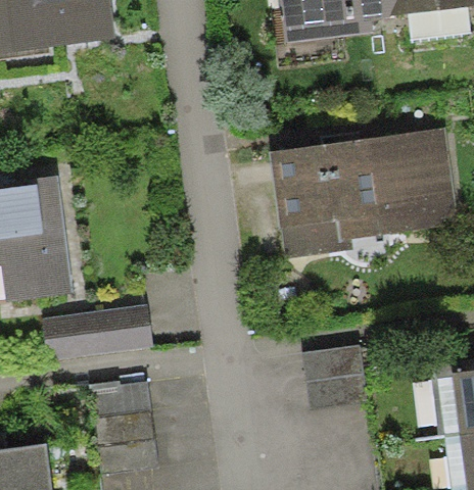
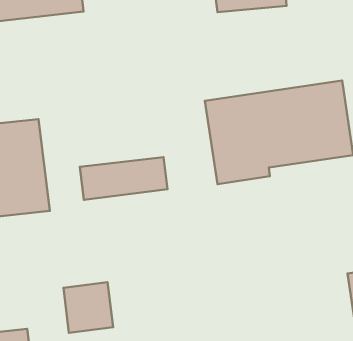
building: [42,304,153,358] -> [80,157,167,200]
building: [302,346,367,411] -> none

